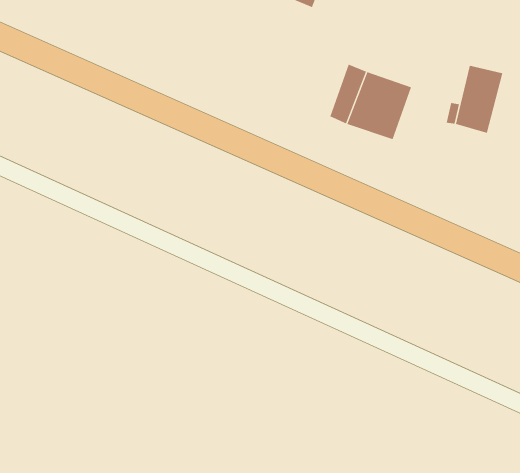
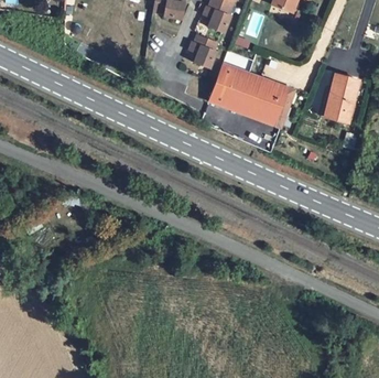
building: none -> [190,34,218,68]
building: none -> [209,63,249,110]

